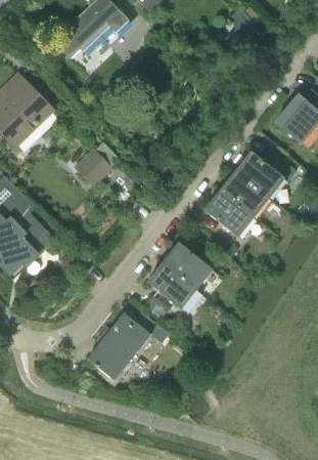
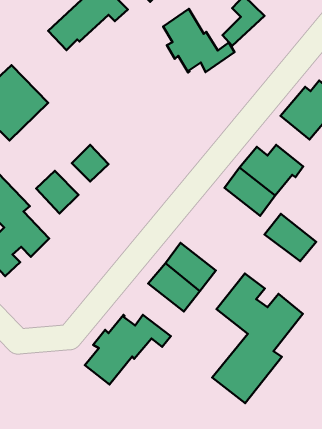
building: none -> [163,9,235,72]
building: none -> [36,171,78,214]
building: [205,192,254,237] -> [265,214,316,261]
building: none -> [212,273,303,403]

